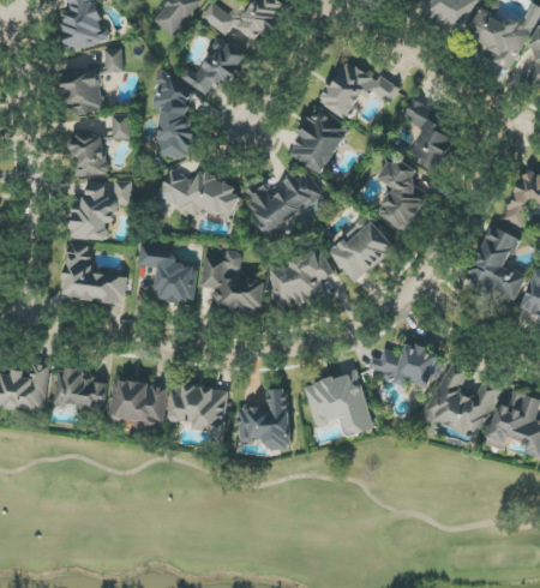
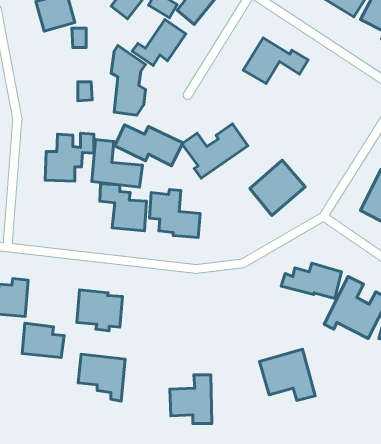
building: [64,70,102,115] -> none
building: [402,100,452,168] -> none
building: [289,104,350,174] -> none
building: [71,134,106,175] -> none
building: [377,157,424,232] -> none
building: [62,244,126,304] -> [92,139,142,187]
building: [269,250,330,308] -> none
building: [54,367,107,410] -> [22,323,64,357]
building: [302,370,372,434] -> [260,349,315,401]
building: [169,384,228,443] -> [78,354,125,401]
building: [236,389,289,450] -> [170,375,212,424]

